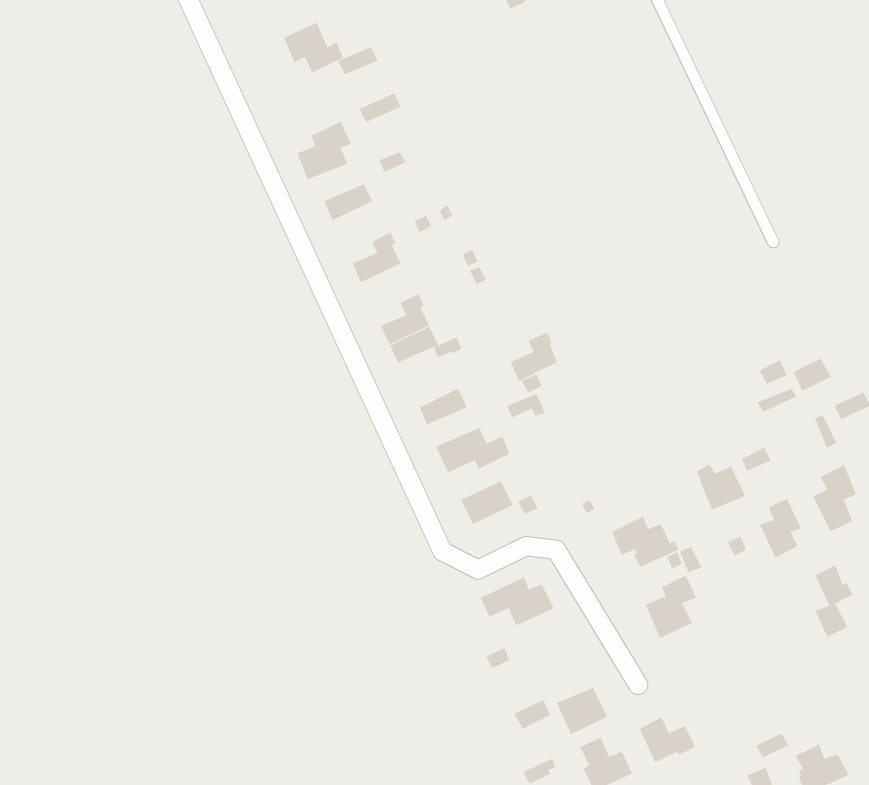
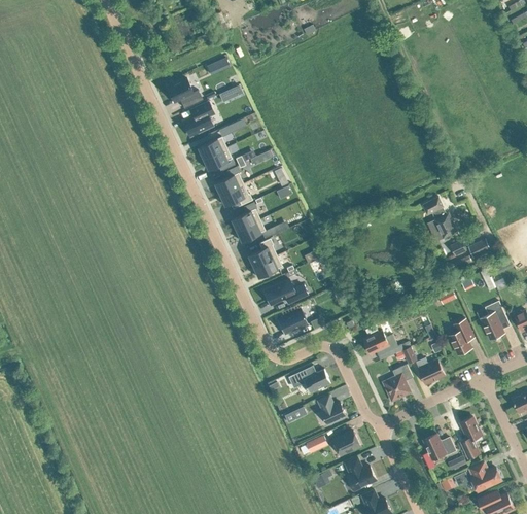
building: [283,22,344,74] -> [167,78,202,108]
building: none -> [203,147,234,171]
building: none -> [219,183,251,205]
building: none -> [423,197,459,238]
building: [510,332,558,382] -> [248,238,276,267]
building: [696,464,746,510] -> [417,357,446,384]
building: [814,564,853,637] -> [461,416,484,458]
building: none -> [318,395,347,424]
building: [639,717,696,763] -> [424,433,457,459]

